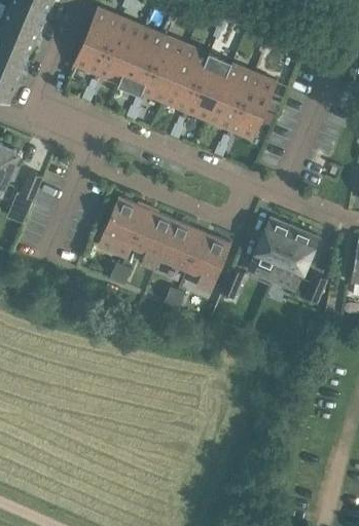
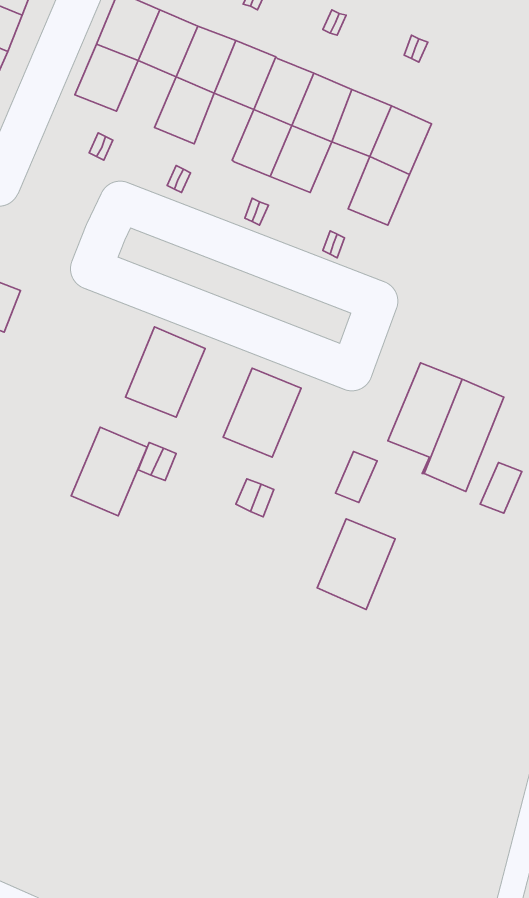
building: [97,46,131,84] -> none
building: [141,65,175,103] -> none
building: [207,92,241,130] -> none
building: [131,210,174,260] -> [71,427,147,516]
building: [185,232,229,284] -> [317,519,395,609]

